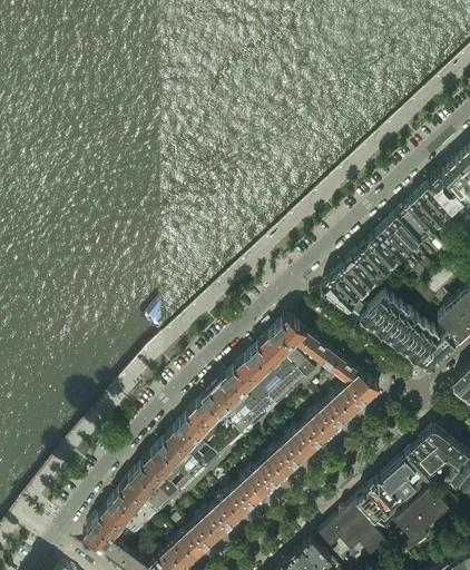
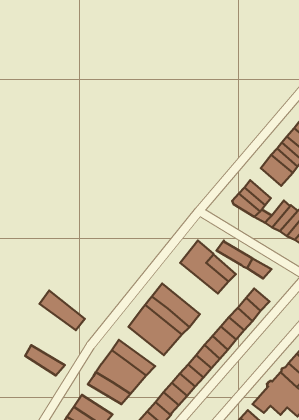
building: [346,252,383,289] -> none
building: [275,321,306,348] -> none
building: [226,355,292,420] -> none
building: [336,375,379,414] -> none
building: [166,425,218,476] -> [40,291,85,330]
building: [114,489,160,529] -> [25,345,65,375]

